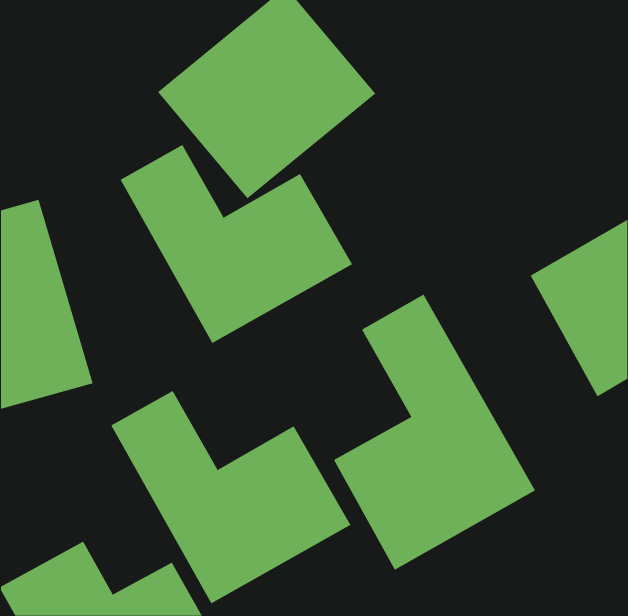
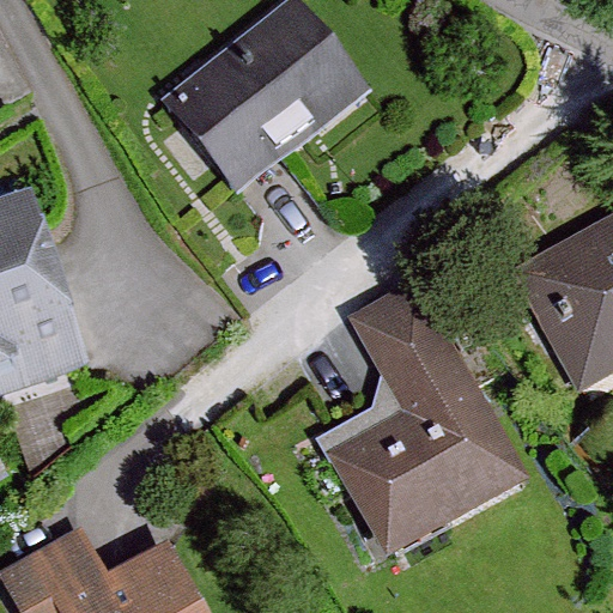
building: [120,144,353,344] -> none
building: [111,390,351,604] -> none

